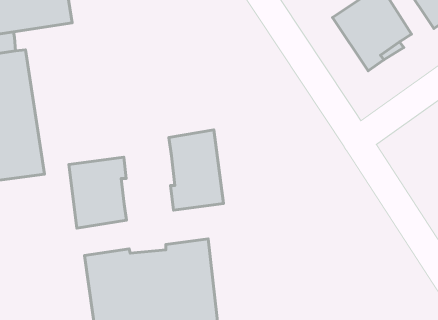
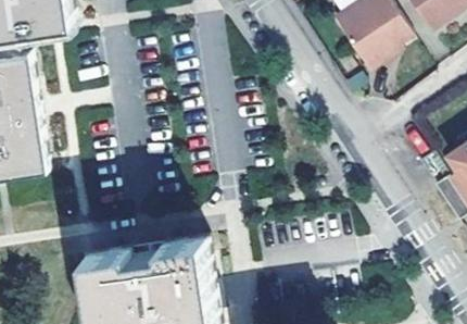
building: [169,130,224,210] -> none
building: [69,157,127,228] -> none

